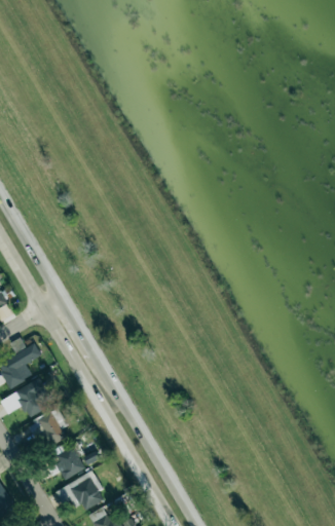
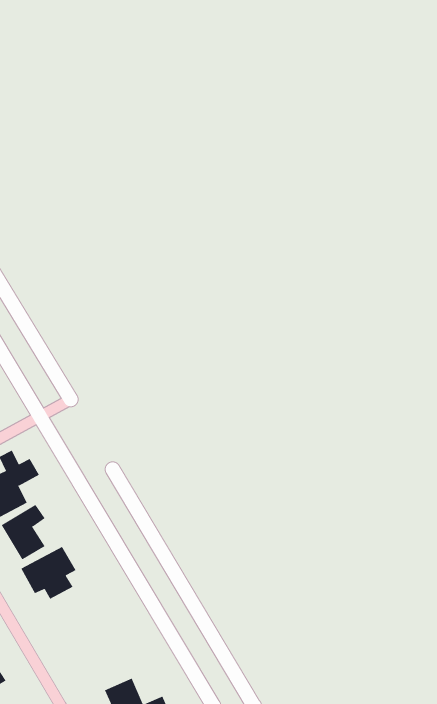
building: [52,447,83,480] -> none
building: [54,473,104,512] -> none

